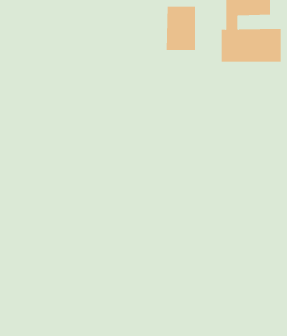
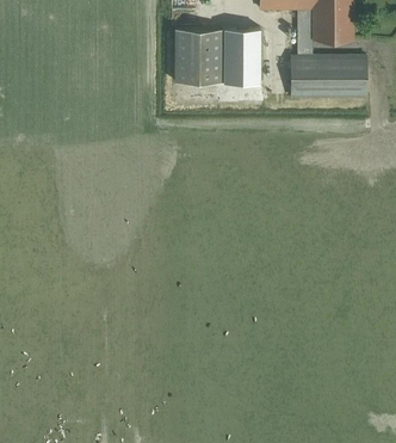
building: none -> [174,30,221,82]

